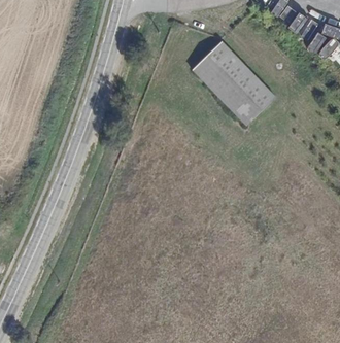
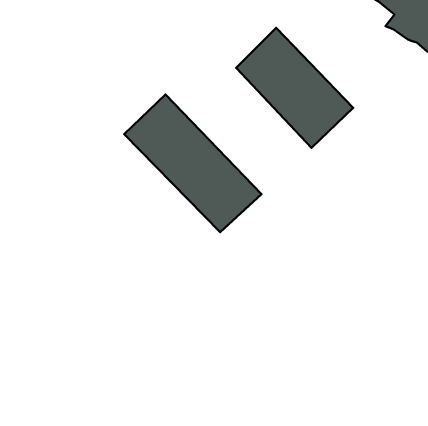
building: none -> [124,94,261,232]

